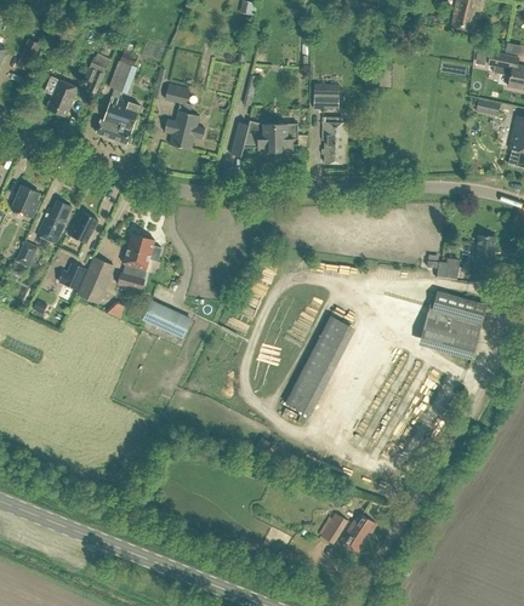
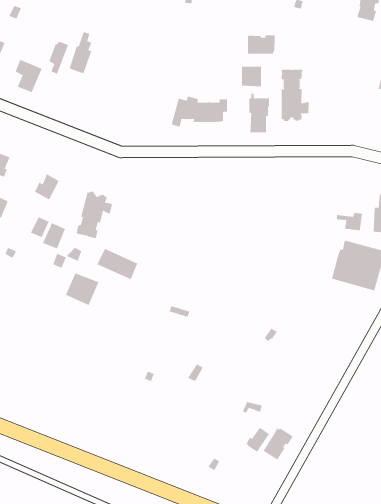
building: none -> [247,35,275,54]
building: [165,85,205,150] -> none
building: none -> [281,69,309,122]
building: [96,96,141,144] -> none
building: [36,200,72,244] -> none
building: [285,315,355,416] -> none
building: none -> [65,272,99,306]

